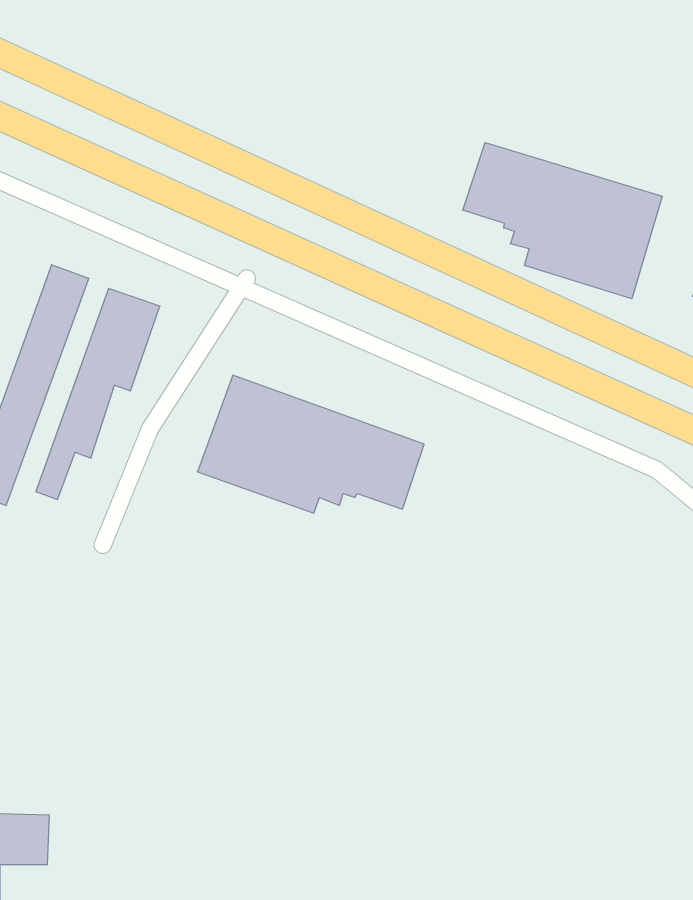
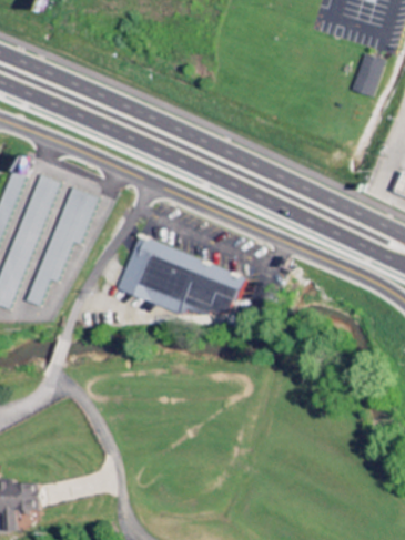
building: none -> [350,52,383,95]
building: [463,143,662,299] -> none

